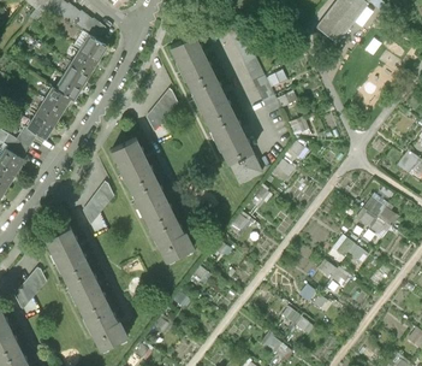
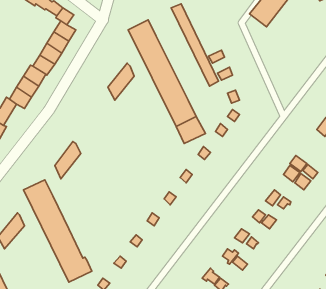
building: [111,136,192,259] -> none

